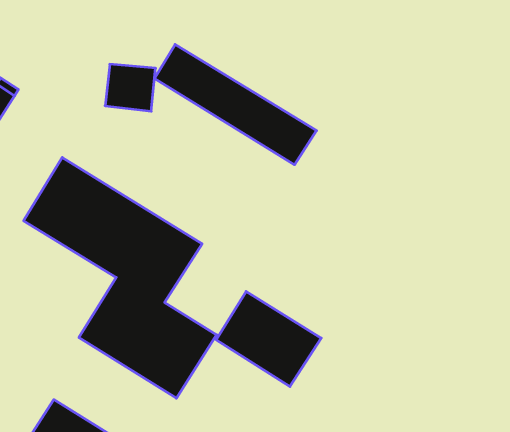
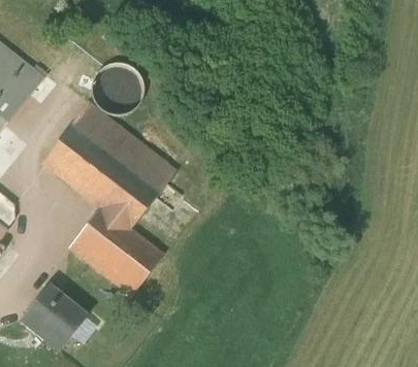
building: [155,44,317,165] -> [70,101,176,192]
building: [216,291,321,387] -> none

